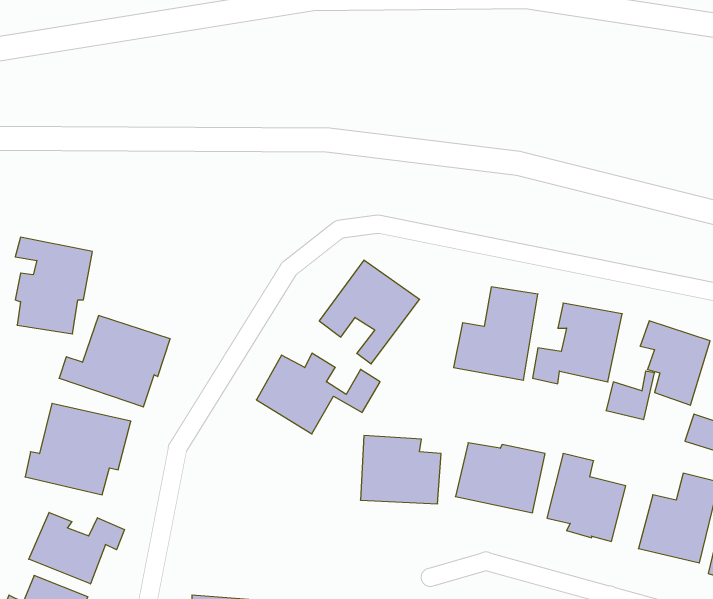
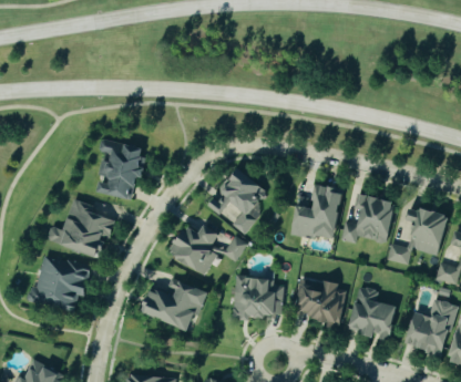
building: [15,237,92,334] -> [96,138,144,198]
building: none -> [141,278,205,331]
building: [29,512,124,584] -> none

